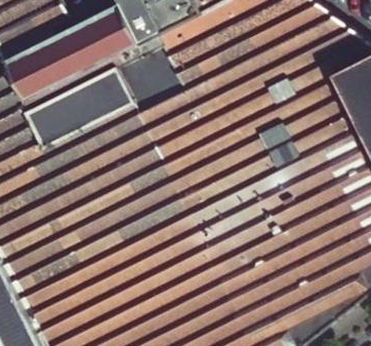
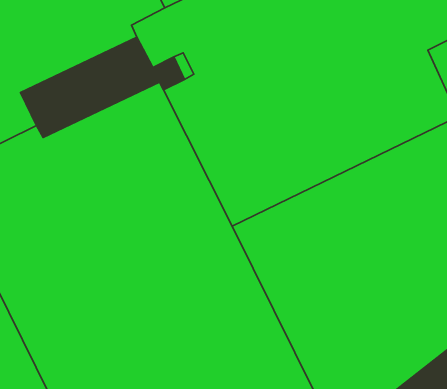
building: [23,64,130,142] -> none

